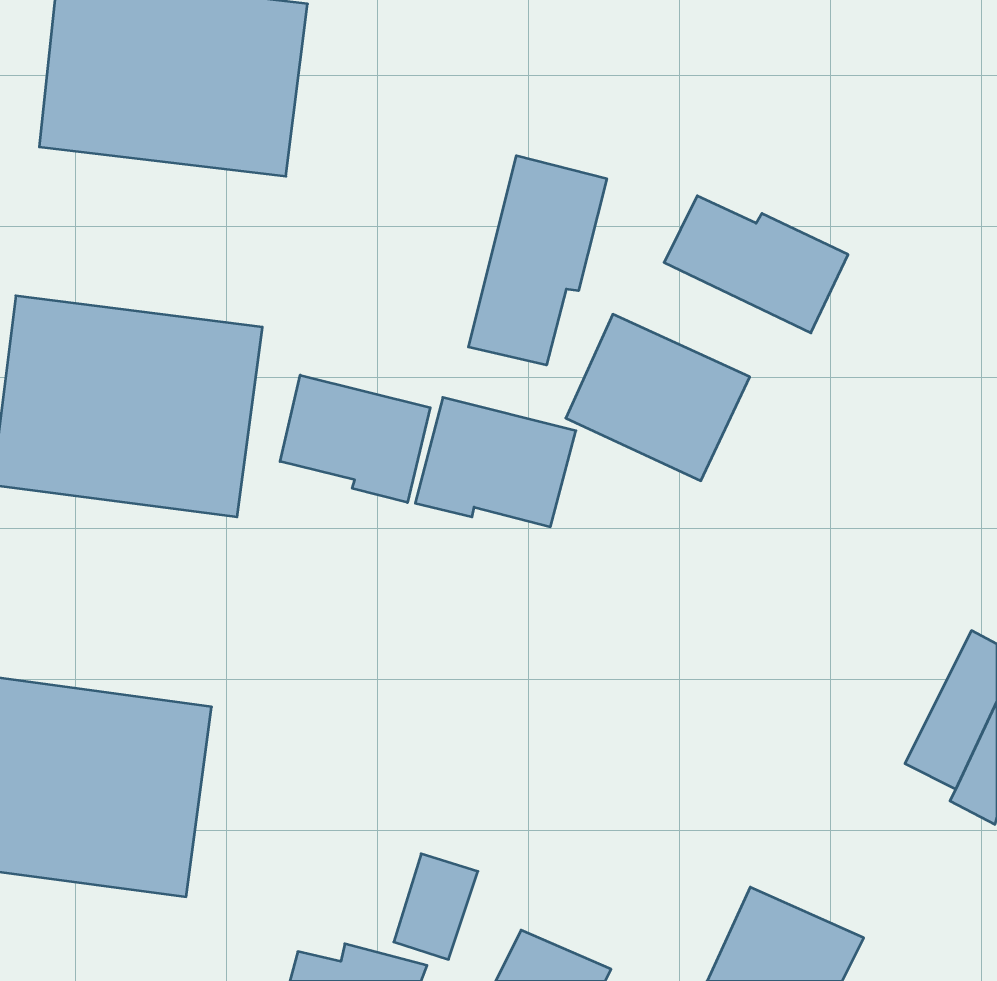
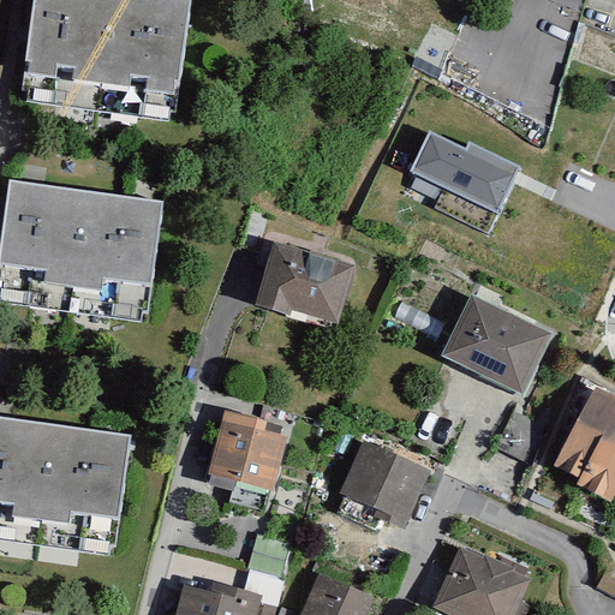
building: [468,156,607,365] -> none
building: [566,314,750,481] -> [442,293,555,395]
building: [280,375,430,503] -> none
building: none -> [207,419,287,490]
building: none -> [339,438,428,520]

